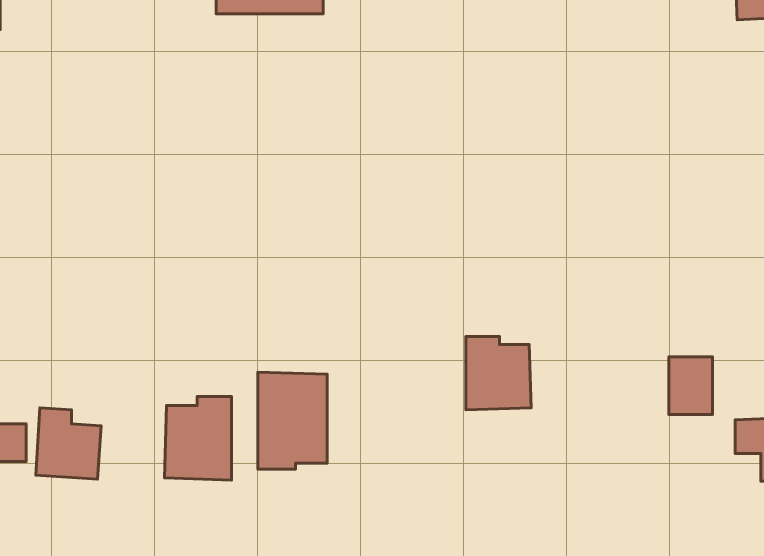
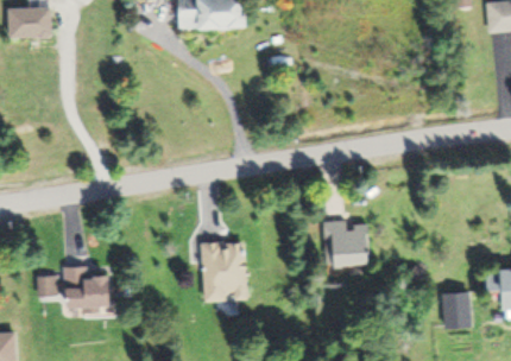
building: [669,357,712,414] -> [446,293,472,328]
building: [165,396,232,480] -> none

